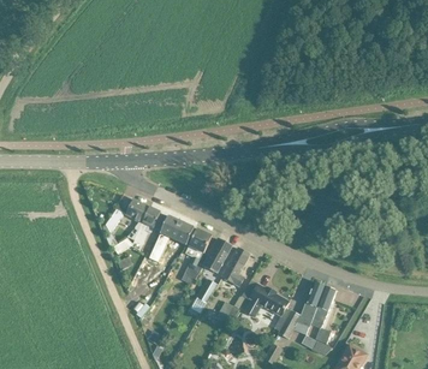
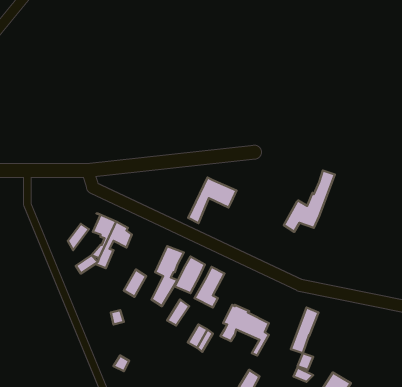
building: [150,215,195,257] -> [188,177,236,223]
building: [278,281,325,338] -> [284,171,335,232]

